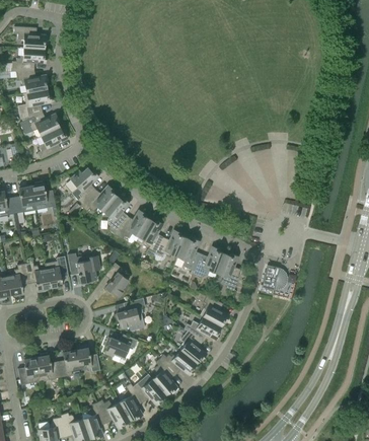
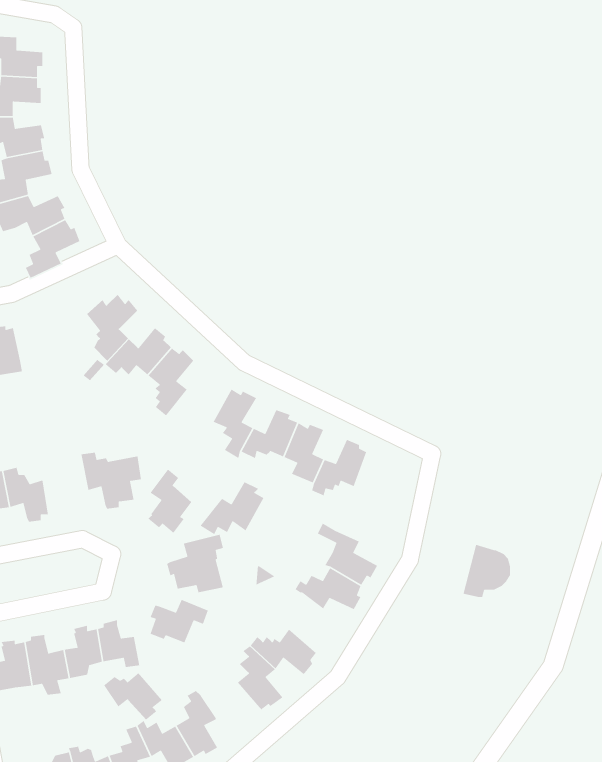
building: [30,181,55,208] -> none
building: [114,210,149,239] -> [199,481,265,535]
building: [216,253,239,291] -> none
building: [45,256,68,289] -> none
building: [261,265,287,294] -> [462,544,511,598]
building: [179,330,207,363] -> none
building: [133,379,165,406] -> [103,672,163,721]

